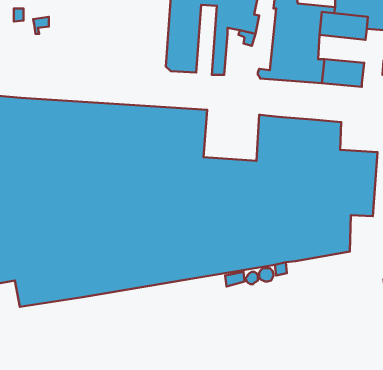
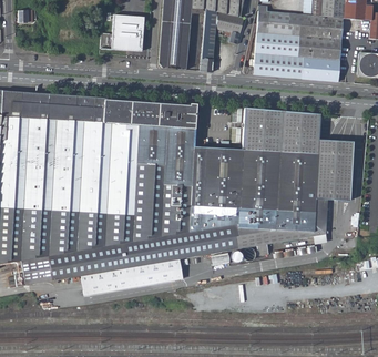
building: none -> [101,14,144,51]
building: none -> [298,35,341,61]
building: none -> [82,259,183,295]

